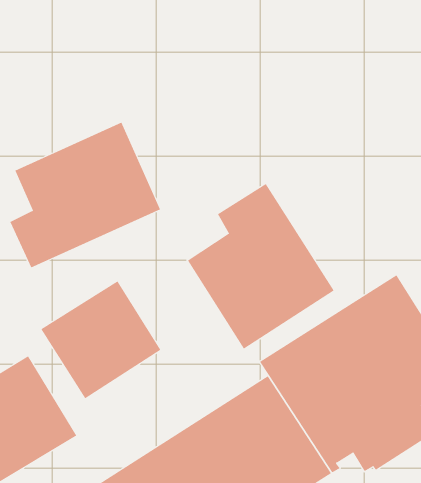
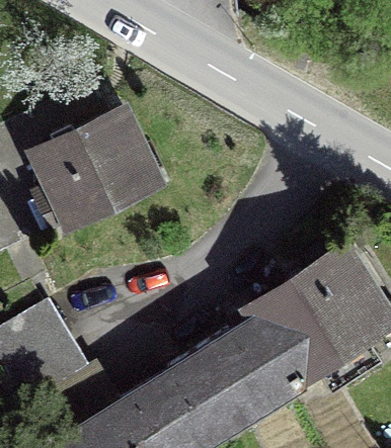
building: [187,183,334,349] -> none
building: [41,281,161,399] -> none

